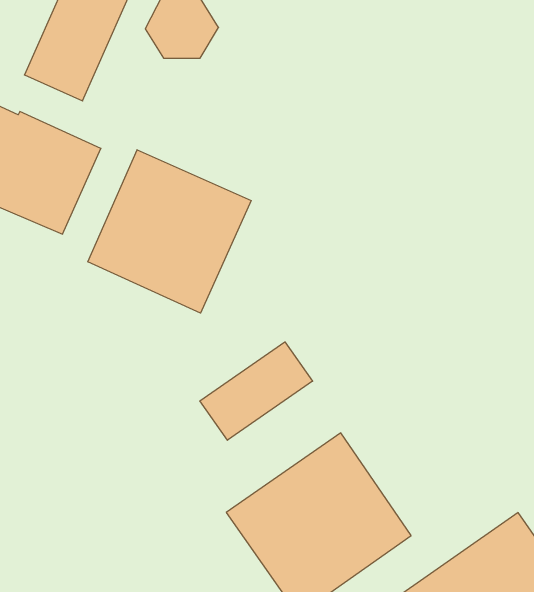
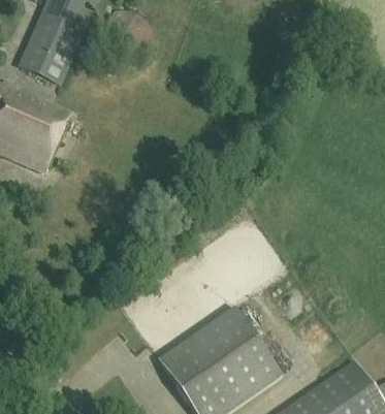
building: [88,150,251,313] -> none
building: [200,342,313,440] -> none

